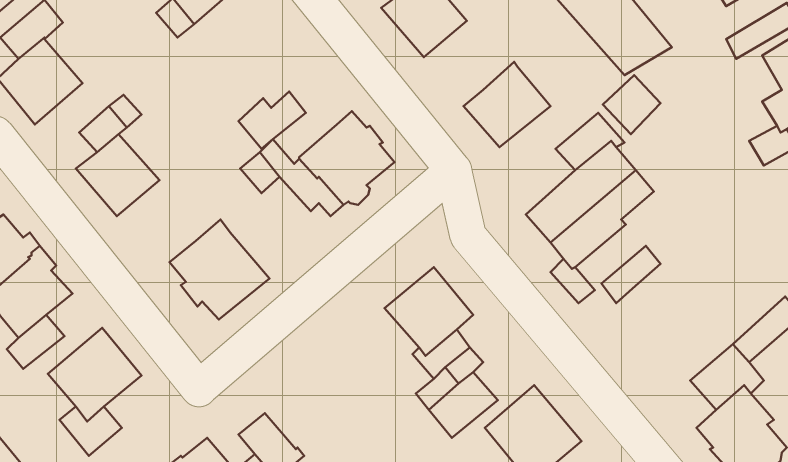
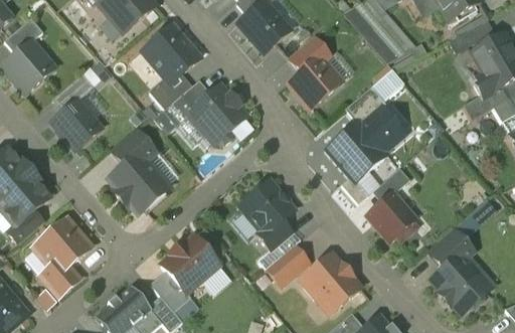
building: none -> [144,26,200,84]
building: none -> [289,35,329,72]
building: none -> [172,79,211,118]
building: none -> [112,129,155,165]
building: none -> [368,194,416,240]
building: none -> [162,235,219,293]

